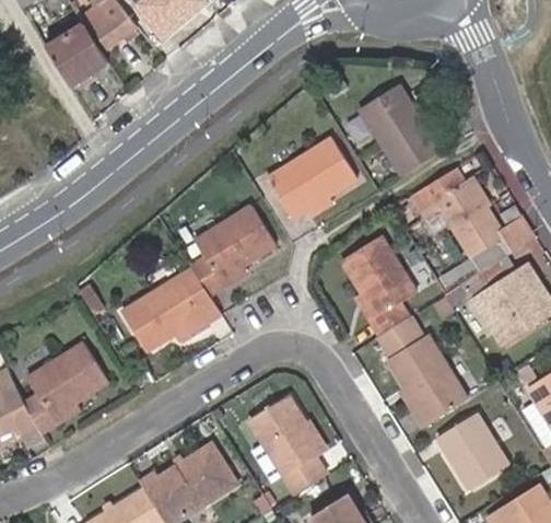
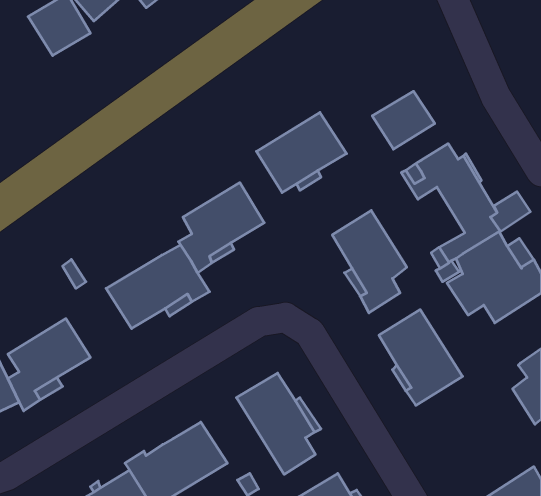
building: [362,85,422,142] -> none
building: [436,412,512,491] -> none

